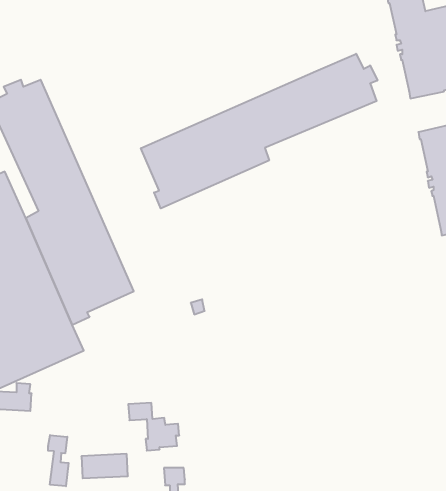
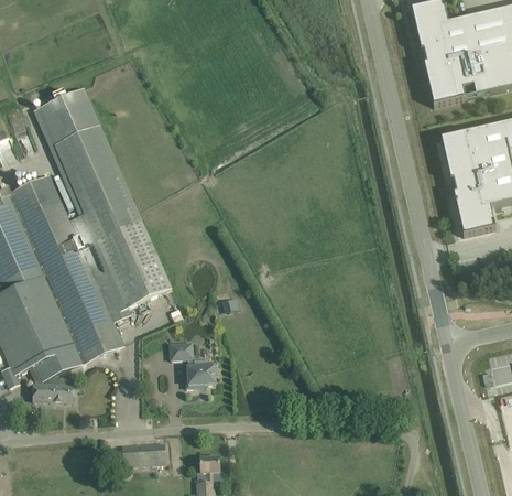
building: [141,54,377,208] -> none
building: [128,403,179,451] -> [168,342,217,387]
building: [48,435,69,486] -> none

